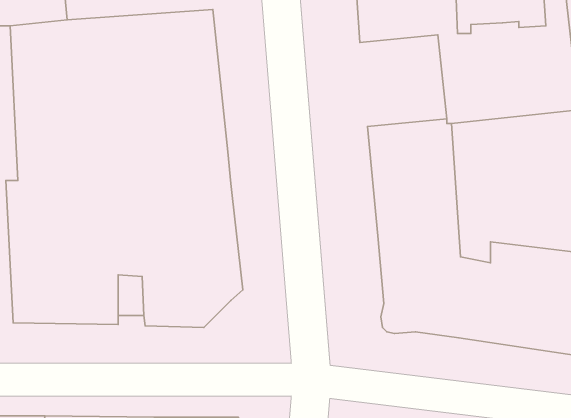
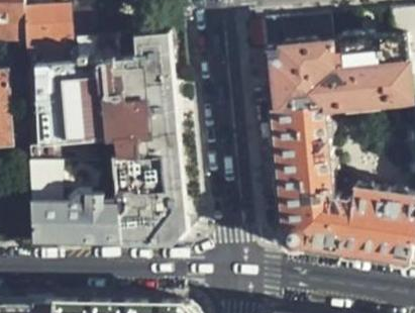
building: none -> [266,48,324,110]

